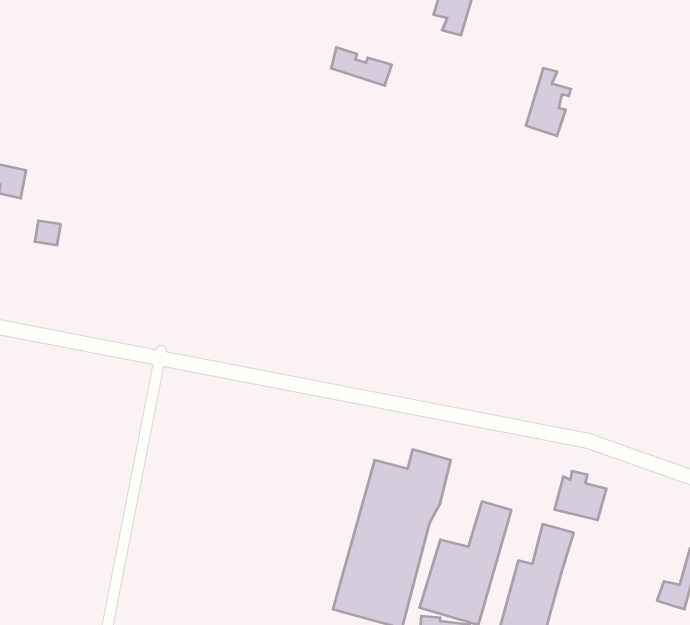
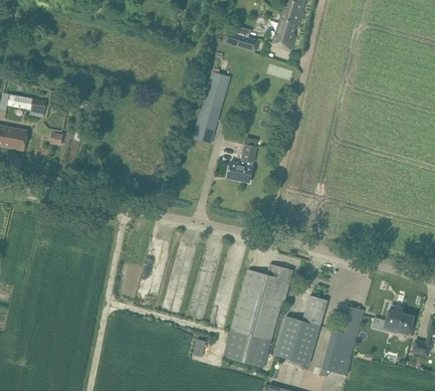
building: [526,68,571,136] -> [272,11,298,50]
building: none -> [194,72,230,137]
building: none -> [227,144,256,182]
building: [554,471,606,520] -> [384,306,414,334]

